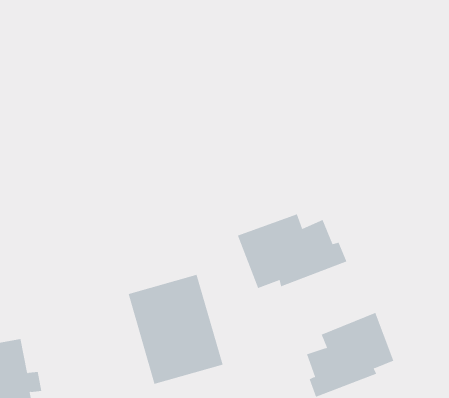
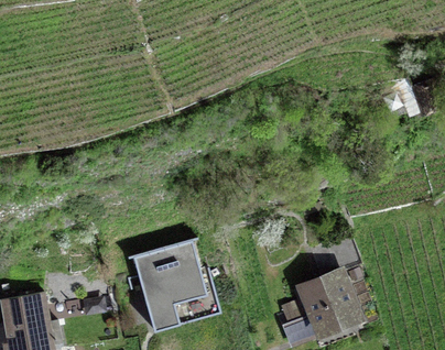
building: [237,213,347,289] -> none

